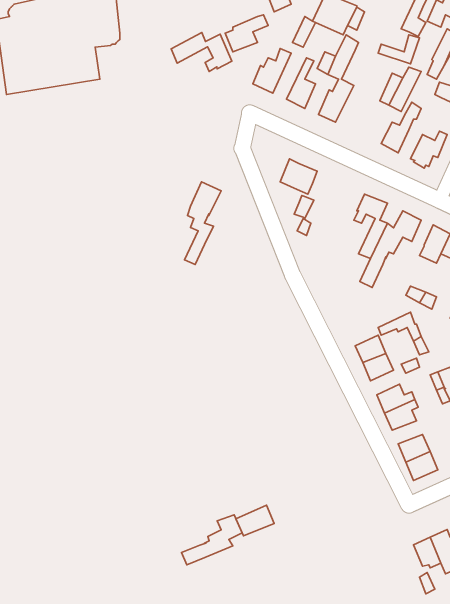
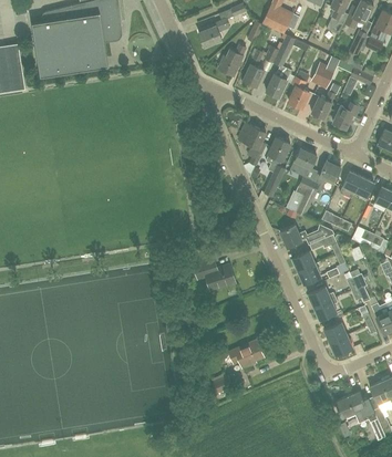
building: [171,32,232,71] -> none
building: none -> [288,70,309,107]
building: [185,182,221,264] -> [264,136,290,196]
building: none -> [280,224,333,247]
building: none -> [192,258,235,290]
building: none -> [229,340,262,366]
building: [182,515,242,565] -> none

